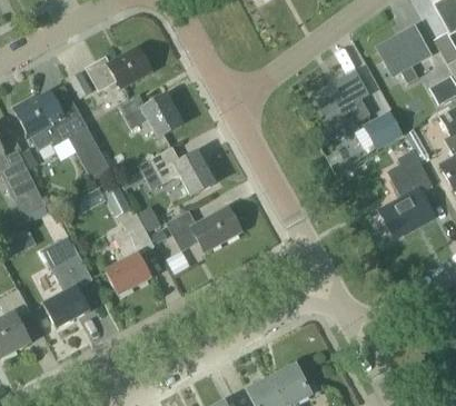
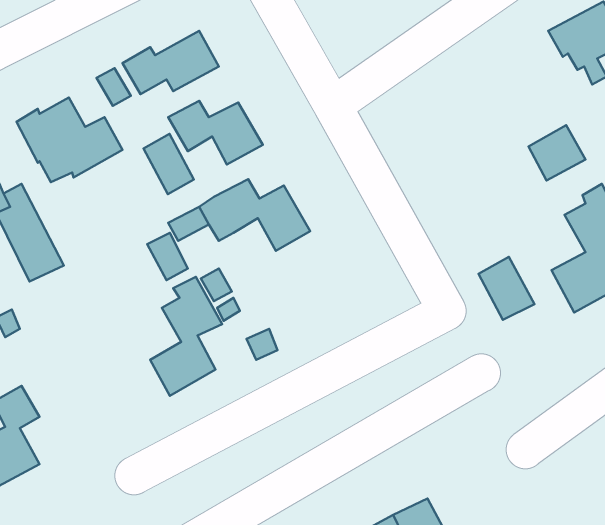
building: [314,70,369,132] -> none
building: [77,140,111,181] -> [143,134,194,194]
building: none -> [479,257,534,320]
building: [167,206,241,251] -> none
building: [41,235,92,327] -> none

